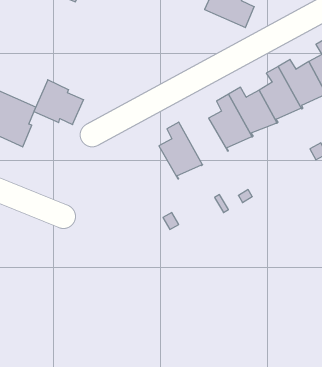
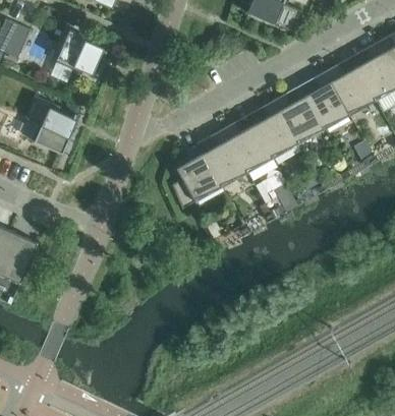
building: [34,80,84,125] -> [56,31,107,76]
building: none -> [223,122,273,173]
building: none -> [172,154,222,209]

